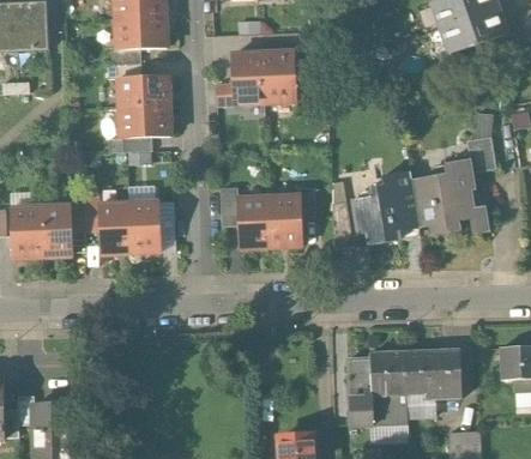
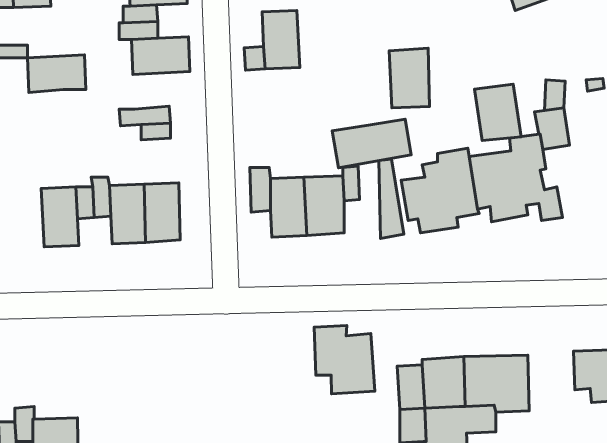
building: [261,50,296,102] -> [389,48,430,108]
building: [120,105,170,138] -> [27,55,86,92]
building: none -> [475,84,521,141]
building: none -> [332,119,411,168]
building: [11,206,43,258] -> none
building: none -> [314,326,375,394]

